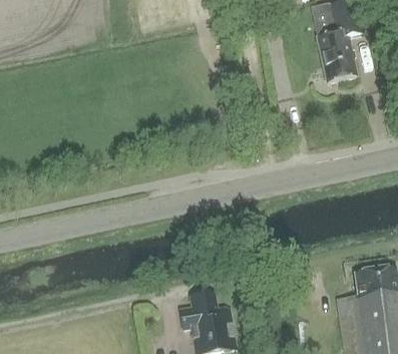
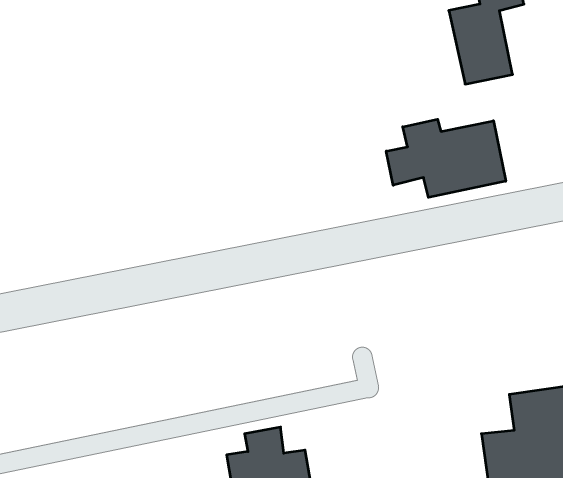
building: none -> [386,119,506,197]

